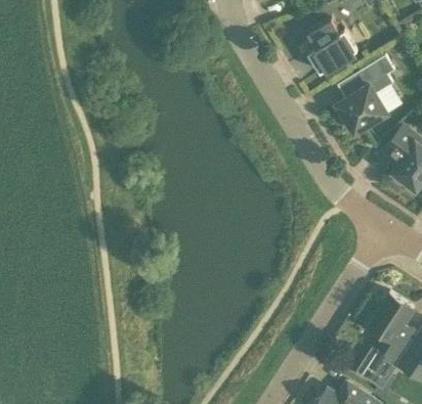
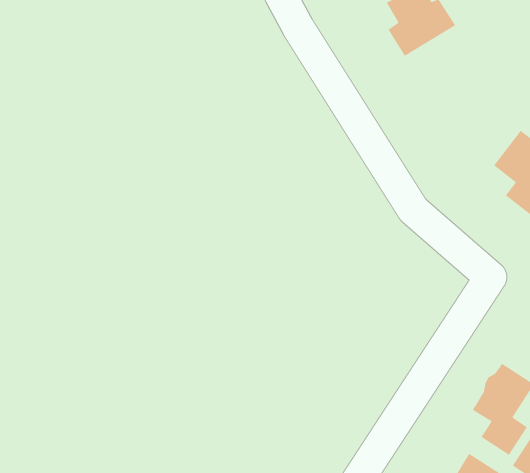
building: [337,55,402,133] -> none

